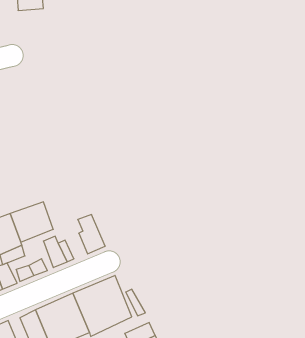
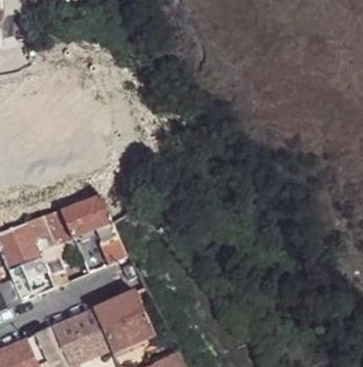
building: none -> [62,198,112,241]

